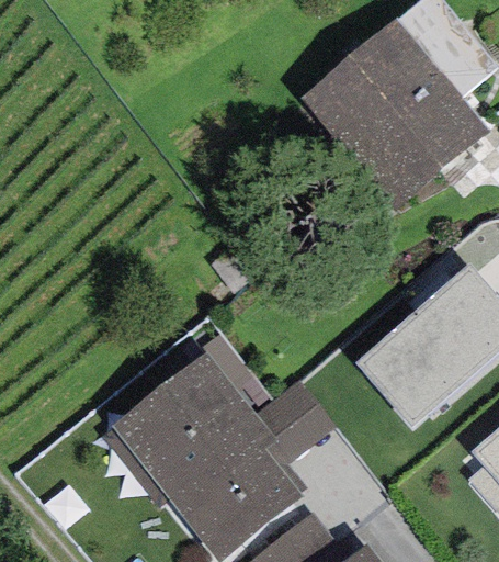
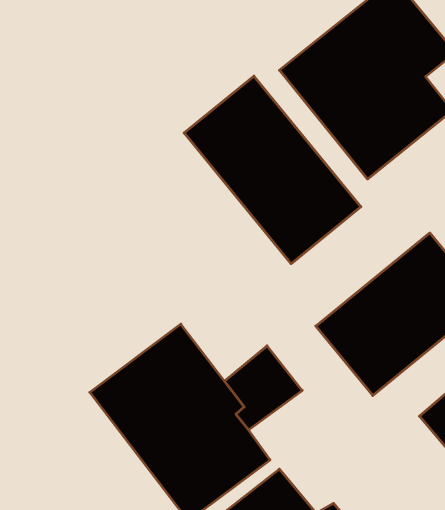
building: none -> [184,76,361,264]

